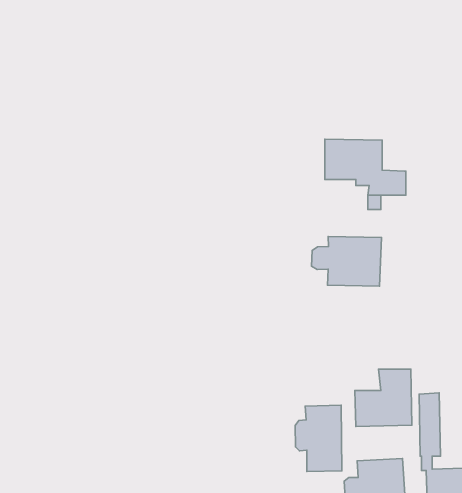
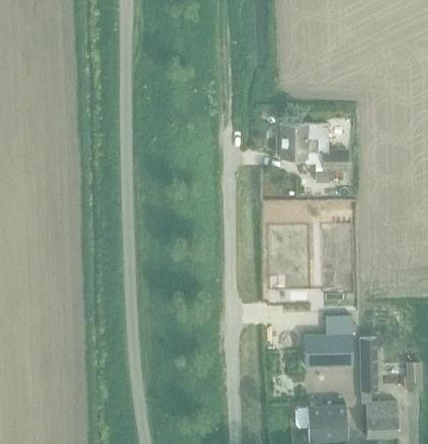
building: [312,236,382,286] -> none
building: [295,405,342,471] -> none

